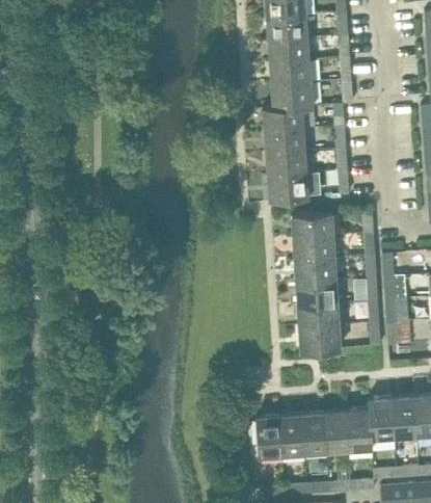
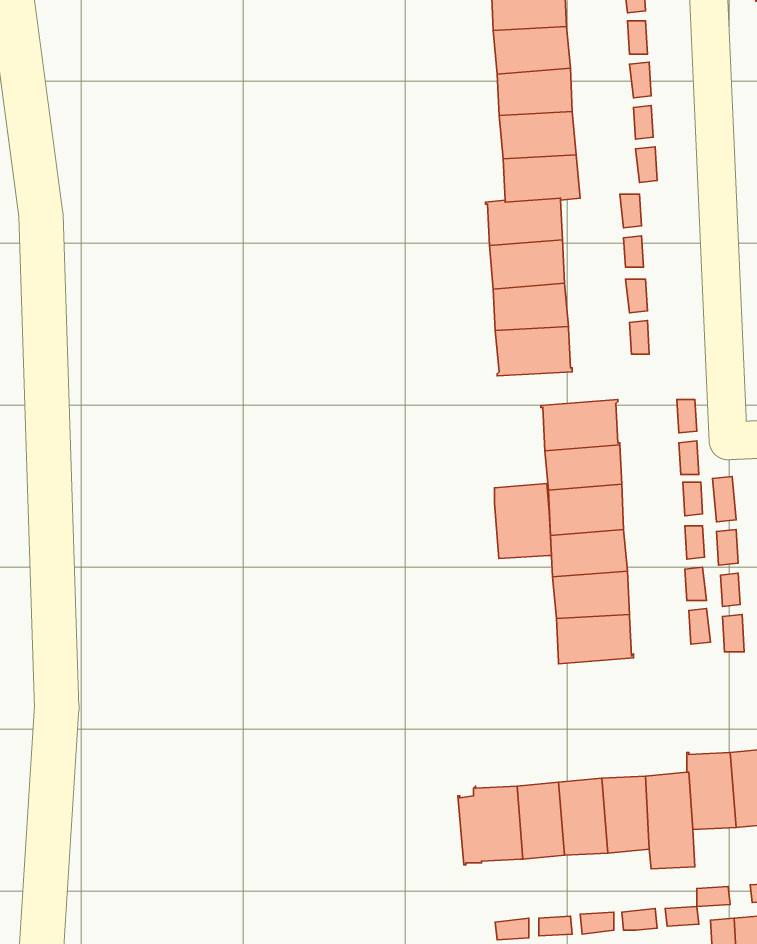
building: none -> [494,483,552,558]

